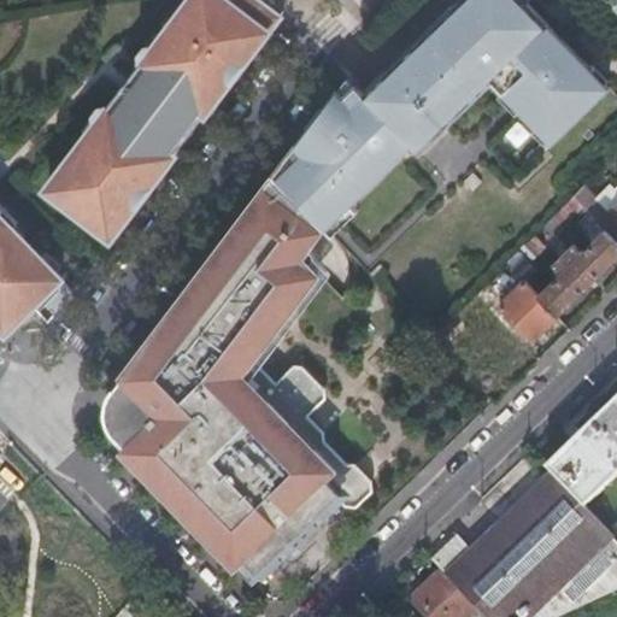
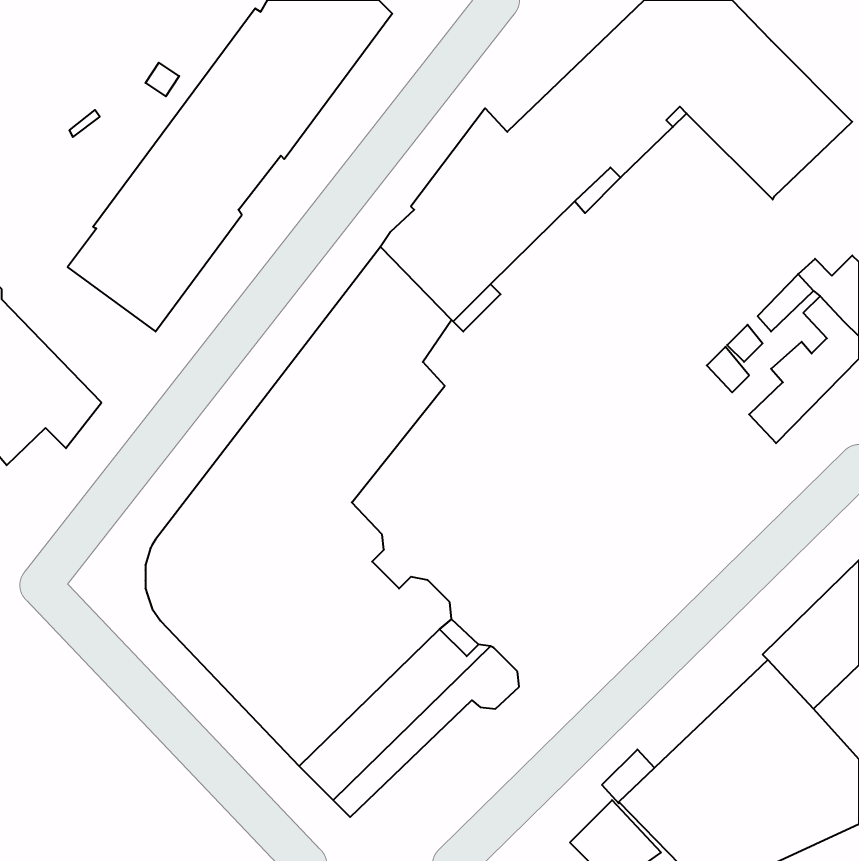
building: [496,284,553,342] -> none
building: [265,365,322,422] -> none

